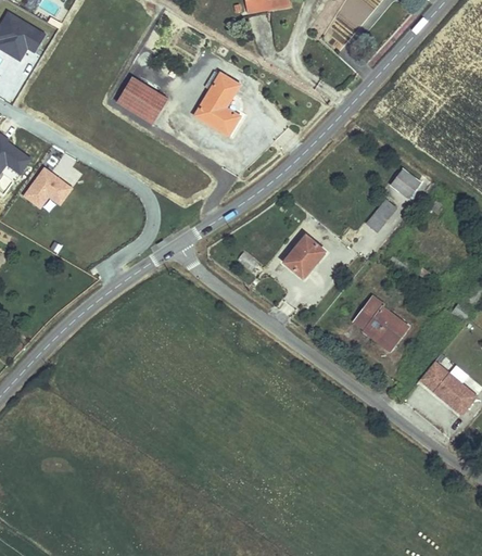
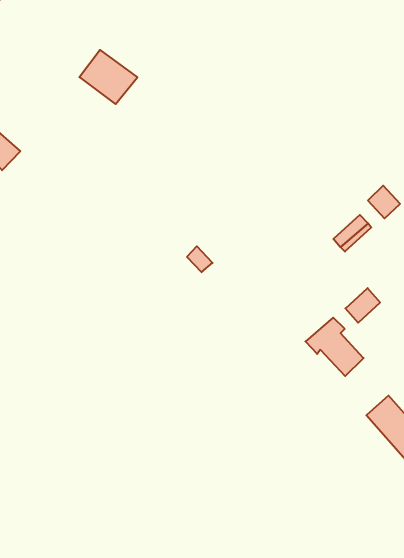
building: [198,77,243,138] -> none
building: [286,236,325,277] -> none
building: none -> [345,288,380,323]

